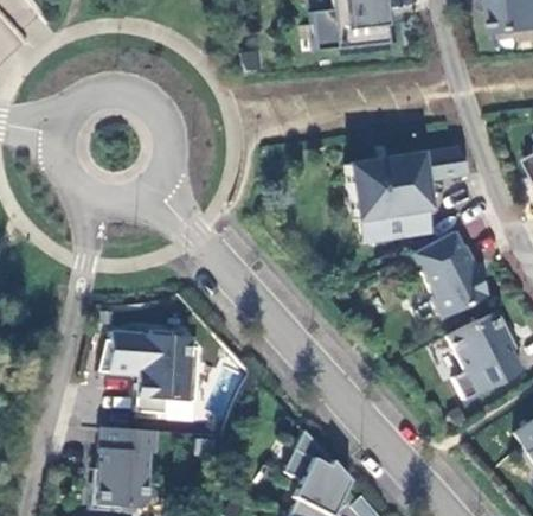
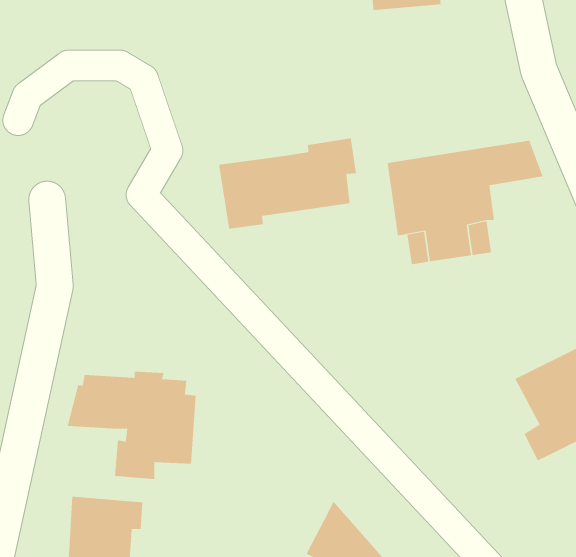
building: none -> [219,138,356,230]
building: [407,231,488,317] -> none

